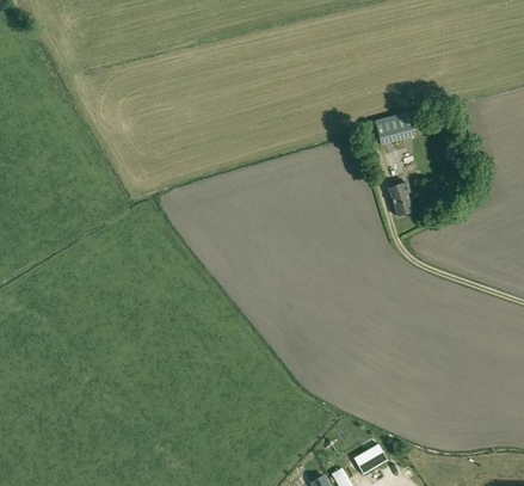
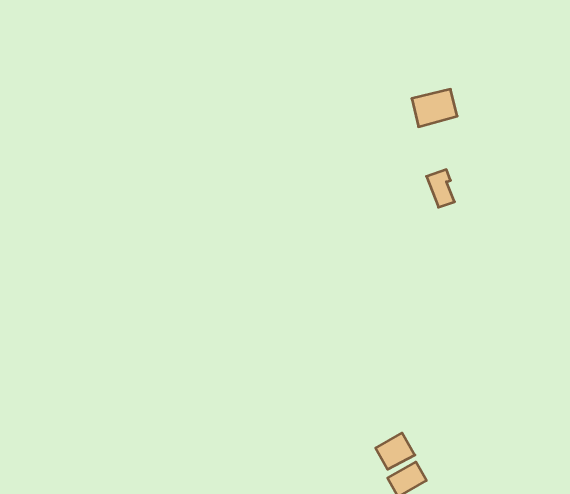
building: none -> [376,433,415,469]

